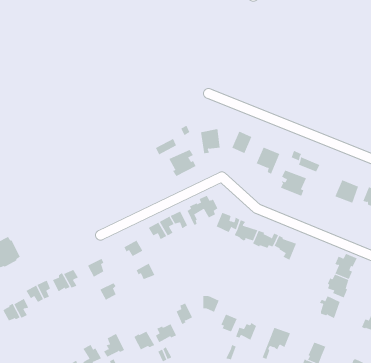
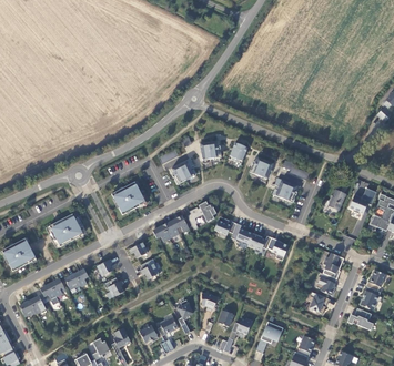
building: none -> [112,182,145,214]
building: none -> [49,214,83,246]

